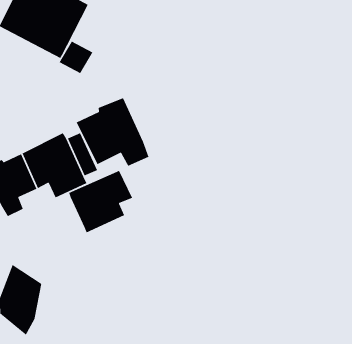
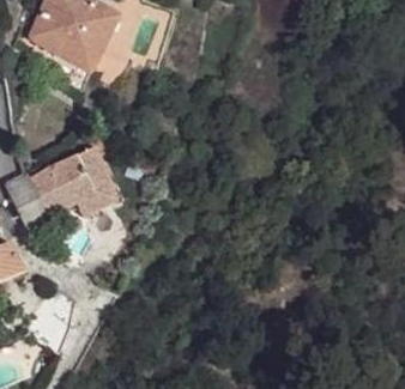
building: [76,97,149,167] -> none
building: [68,170,133,233] -> none

